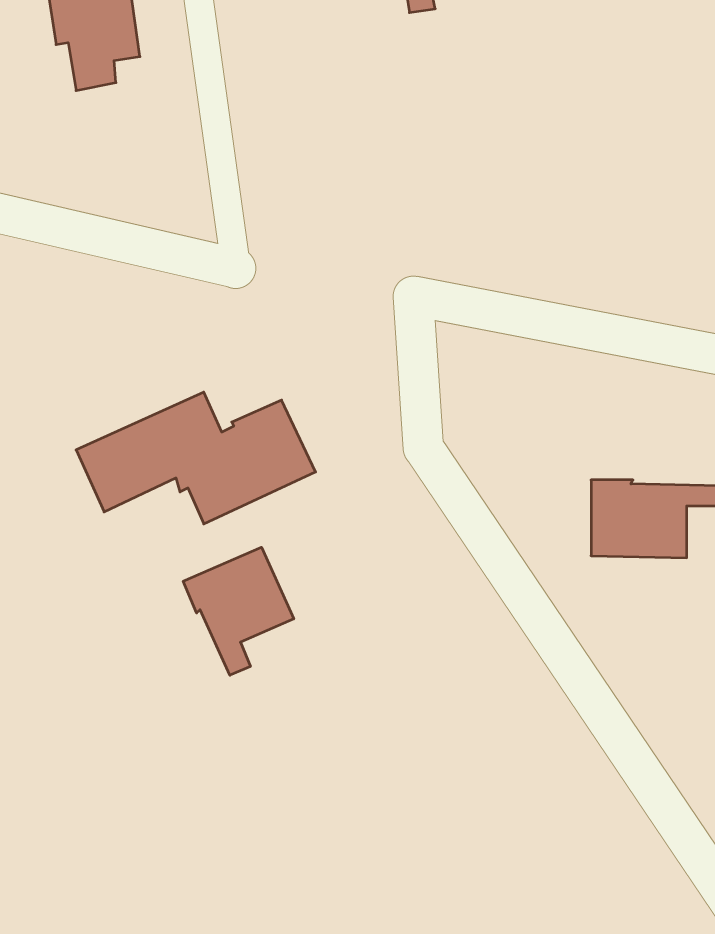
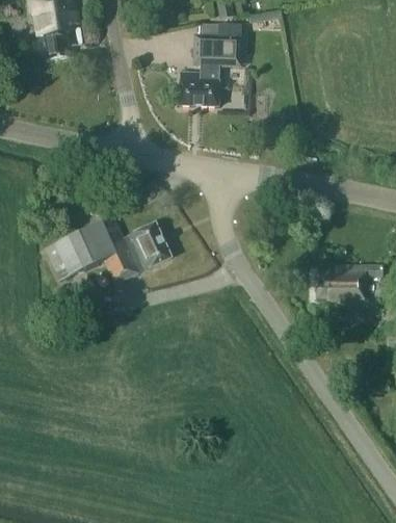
building: none -> [179,34,244,106]
building: [183,547,294,675] -> none

